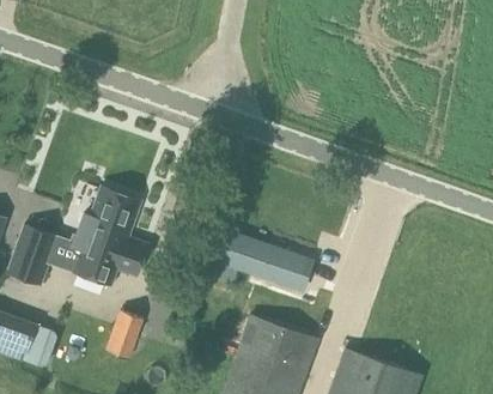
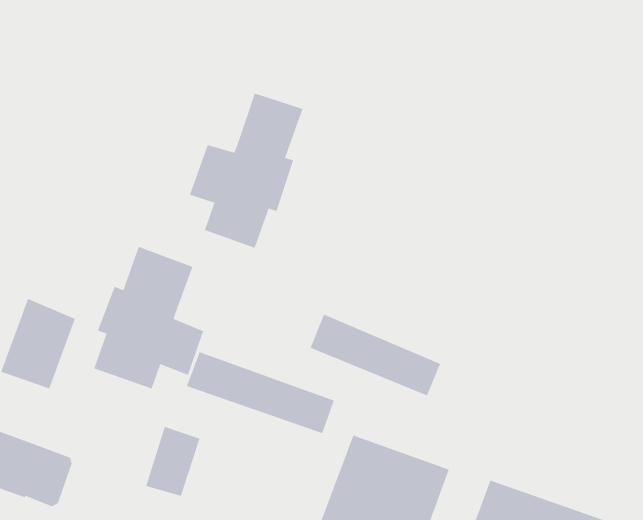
building: none -> [189,92,303,249]
building: none -> [186,351,335,434]

